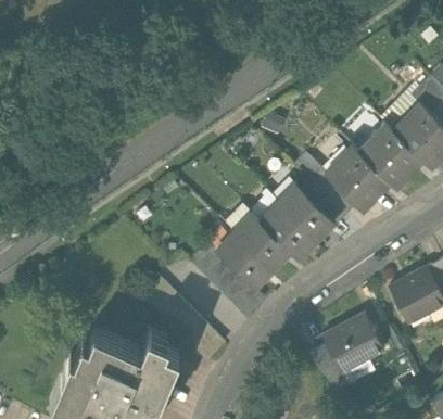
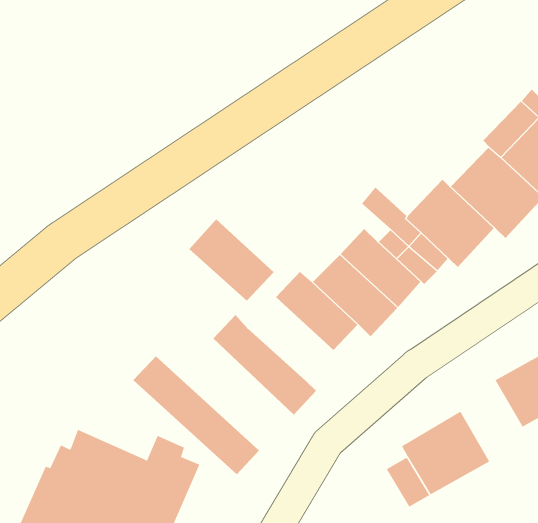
building: [214,232,275,291] -> [189,218,274,301]

